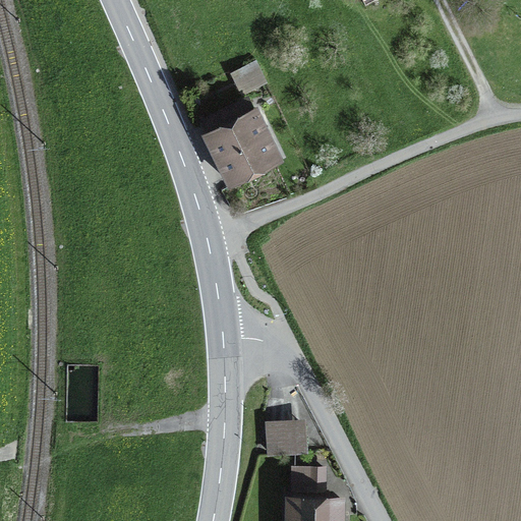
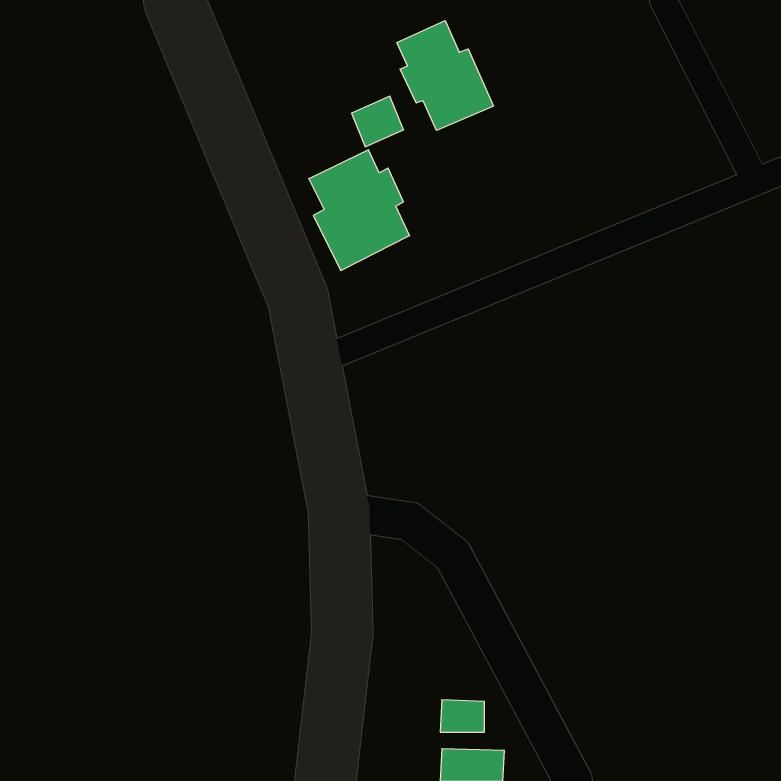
building: none -> [397,21,493,130]
building: [268,424,305,452] -> none

